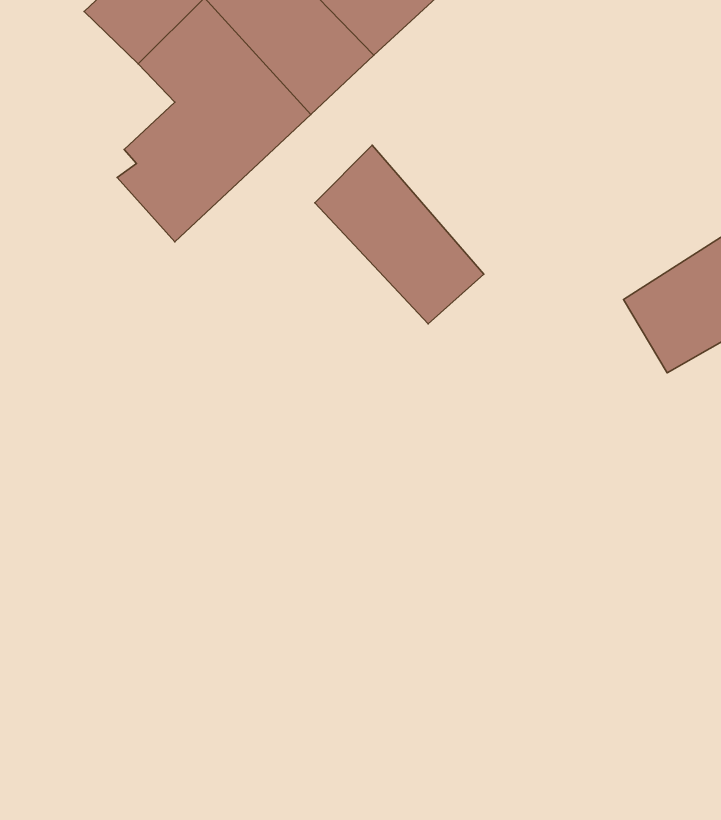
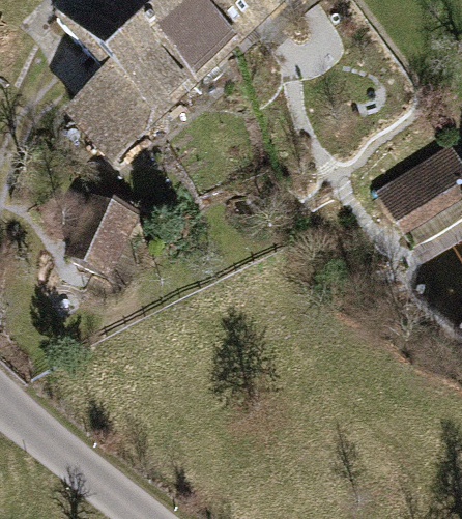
building: [315,145,484,324] -> none
building: none -> [63,190,139,278]

